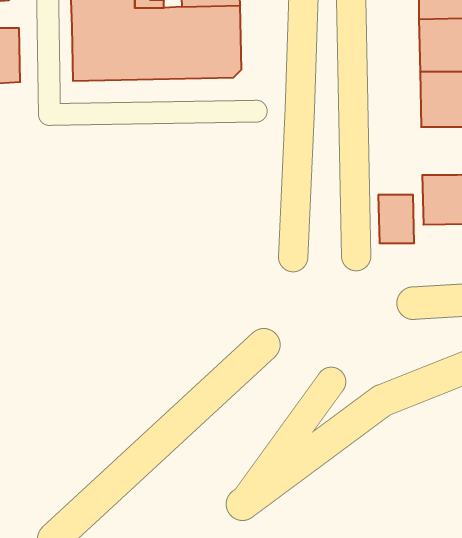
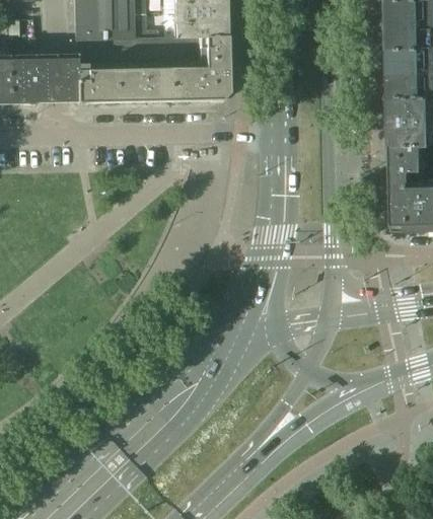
building: none -> [26,54,75,103]
building: [378,195,414,243] -> [389,144,422,188]

